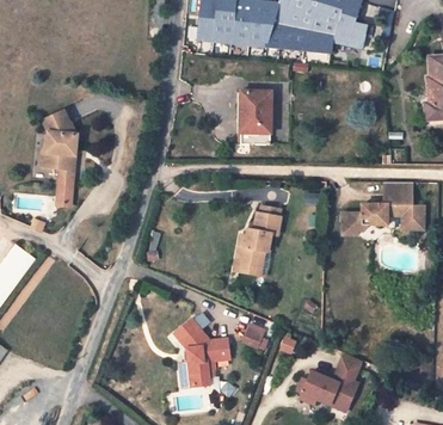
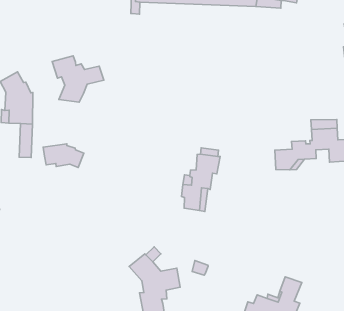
building: [240,90,270,144] -> none
building: none -> [52,56,104,102]
building: none -> [43,144,84,168]

